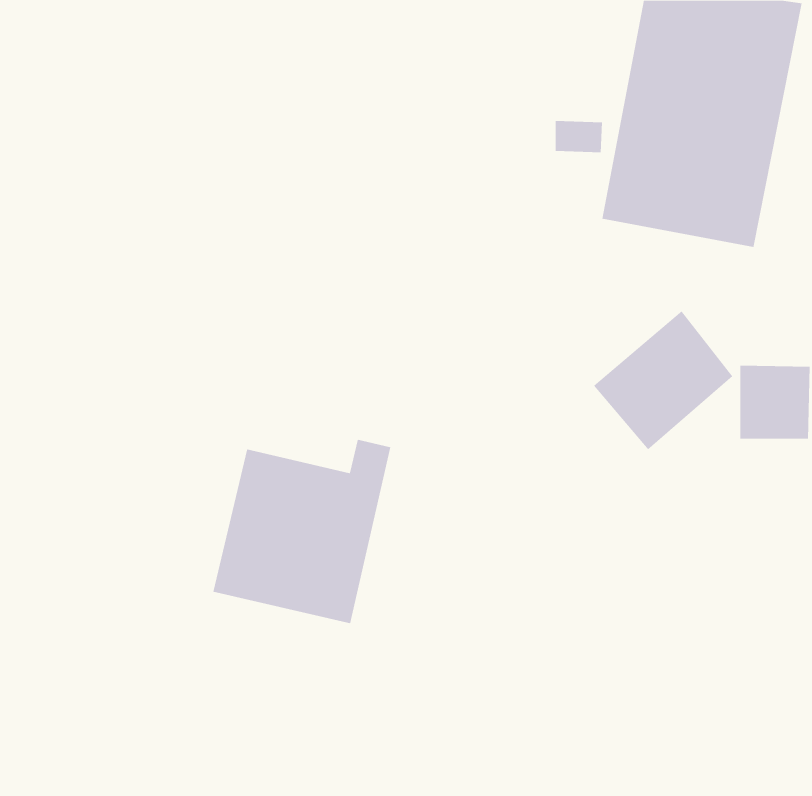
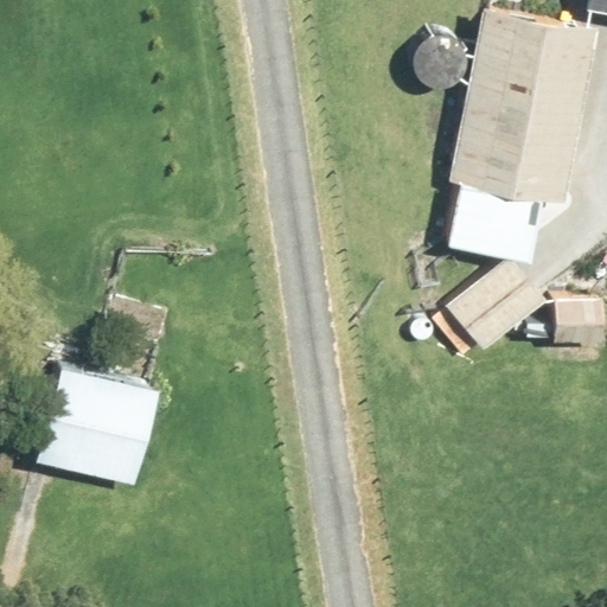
building: [213,439,391,624] -> [34,350,166,486]

